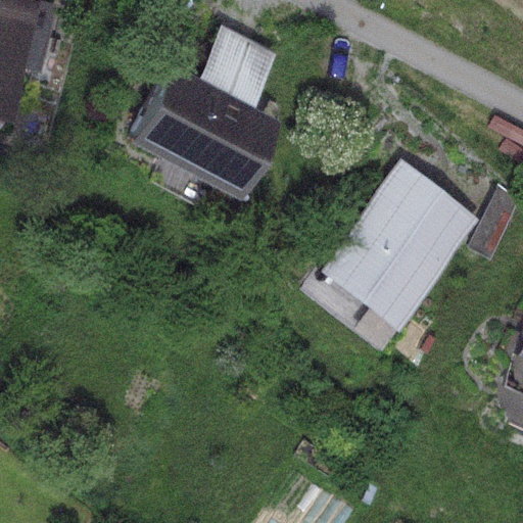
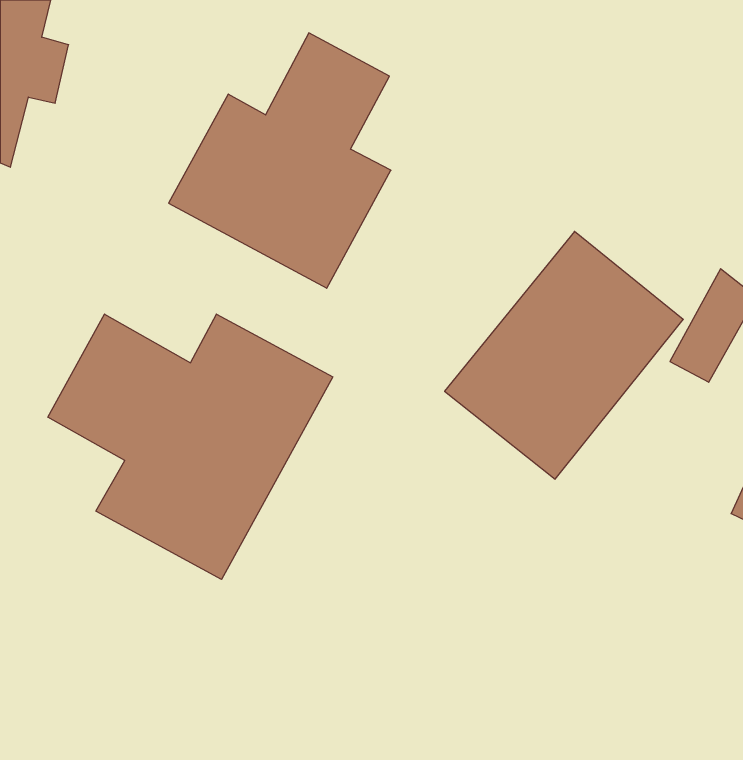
building: none -> [48,314,333,579]

